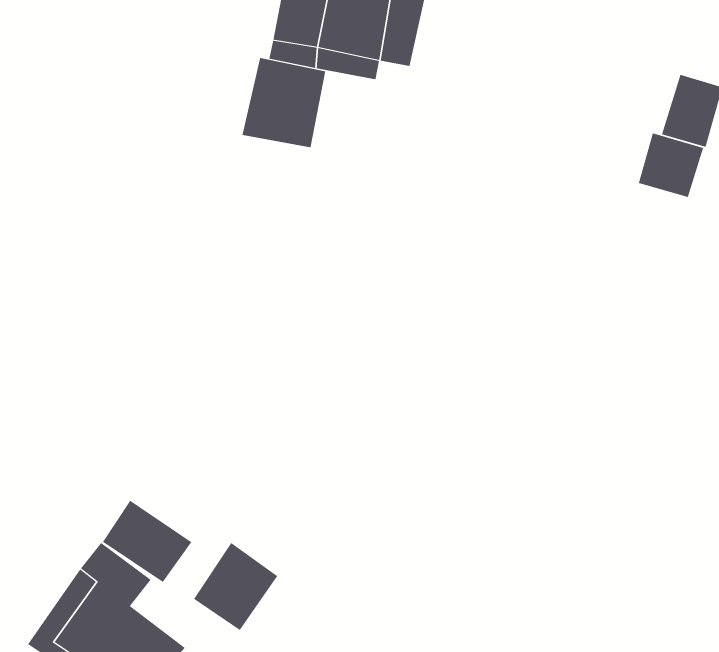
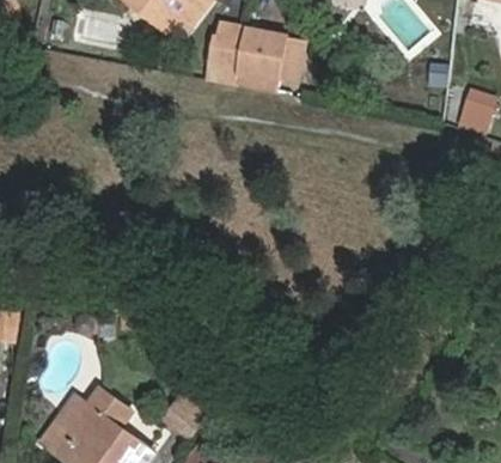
building: [242,57,326,148] -> none
building: [638,133,704,198] -> none
building: [102,500,192,583] -> none

